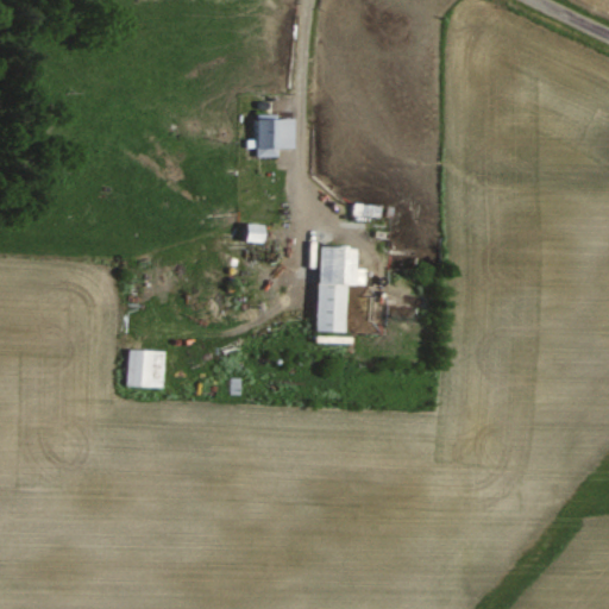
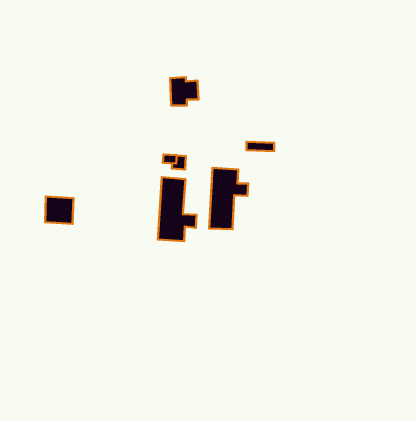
building: none -> [158,177,196,241]
building: [127,349,168,388] -> [45,196,73,224]

